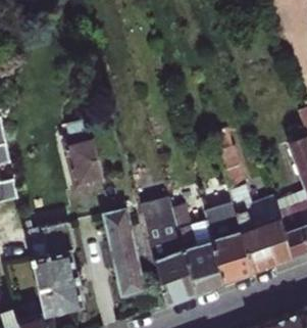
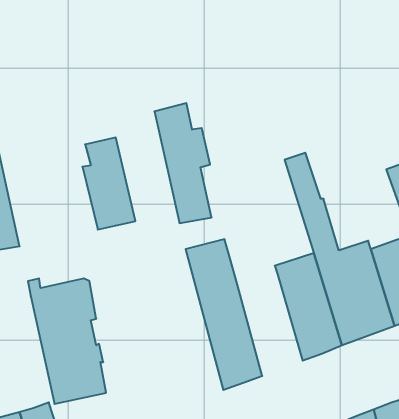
building: [173,204,226,294] -> none
building: [104,209,146,297] -> [154,103,212,223]

